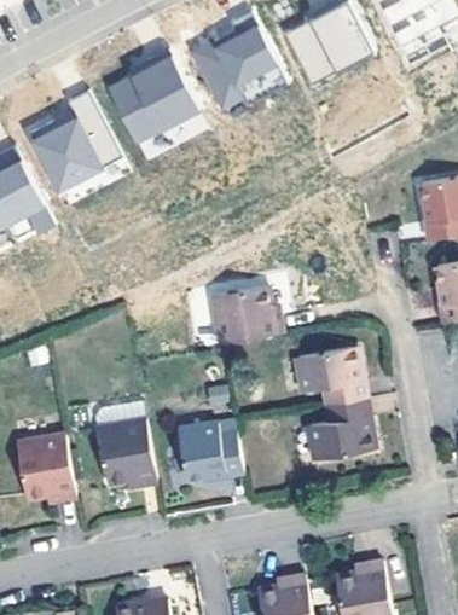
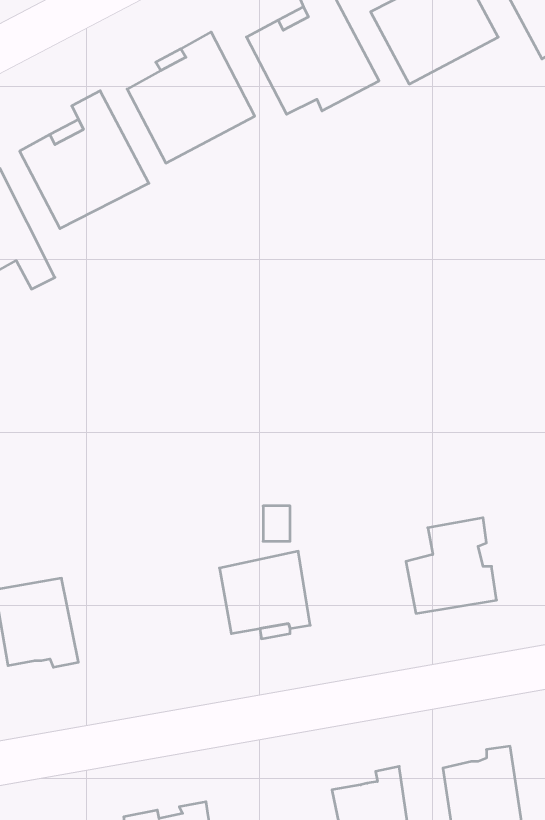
building: [210,284,283,343] -> none
building: [295,337,366,404] -> none
building: [94,404,156,487] -> none

